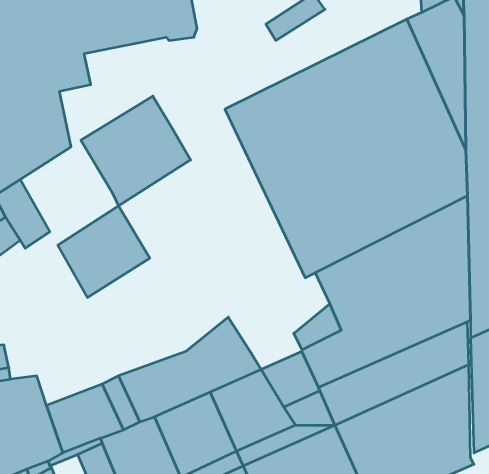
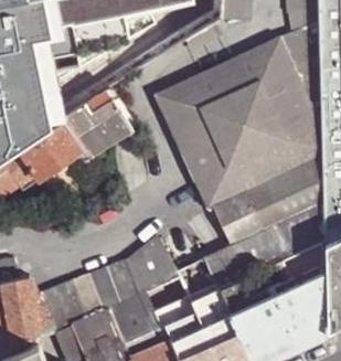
building: [58,206,150,297] -> [18,121,79,183]

